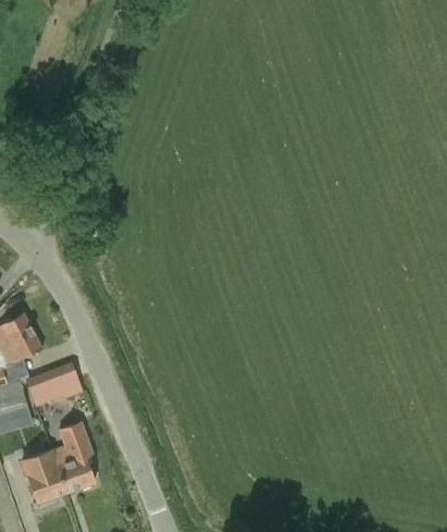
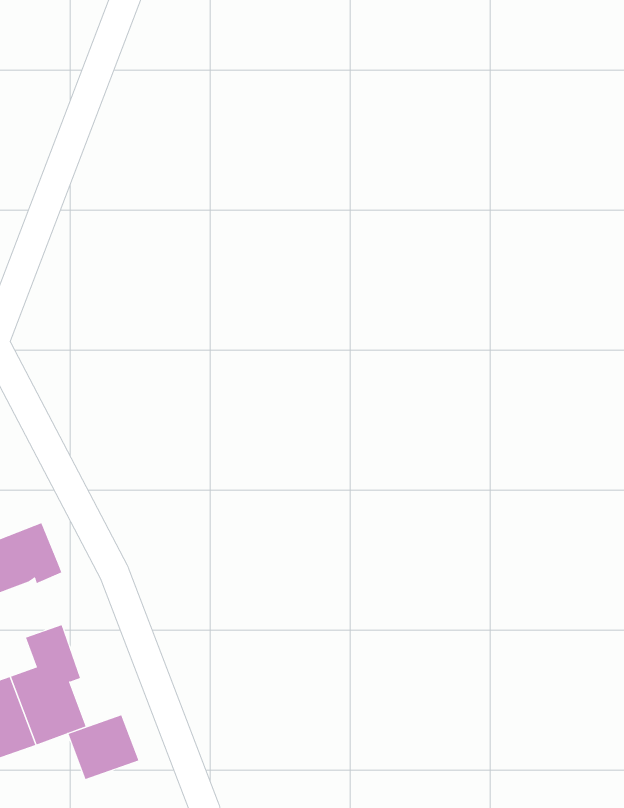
building: none -> [68,715,139,780]

